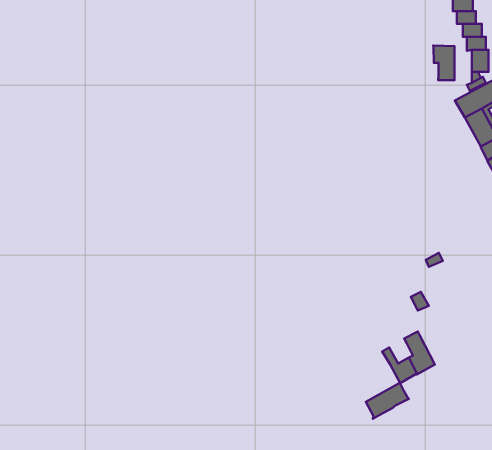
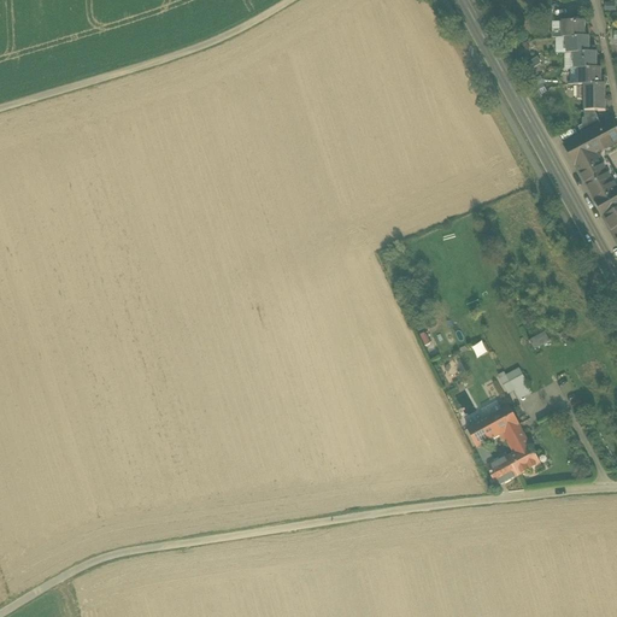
building: [433,46,454,80] -> none
building: [366,383,409,419] -> [466,404,518,447]

